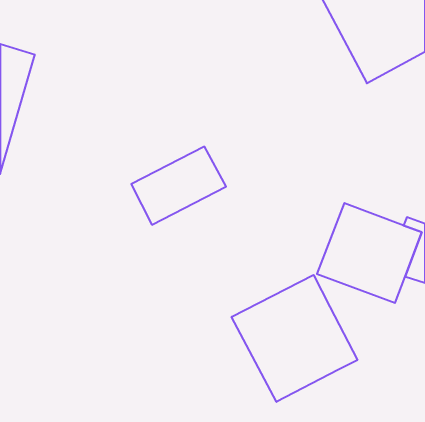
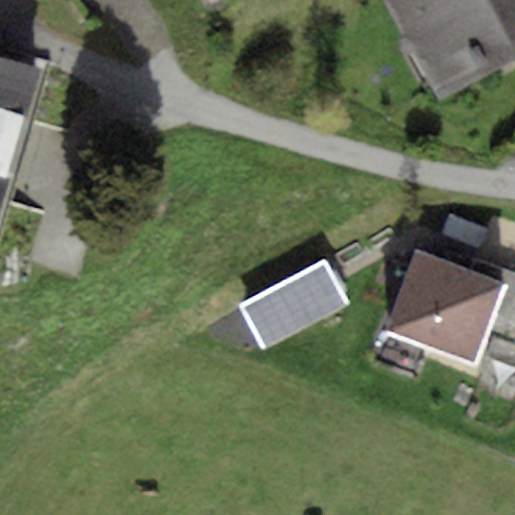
building: [131,147,226,225] -> [236,254,351,349]
building: [232,275,357,402] -> none

